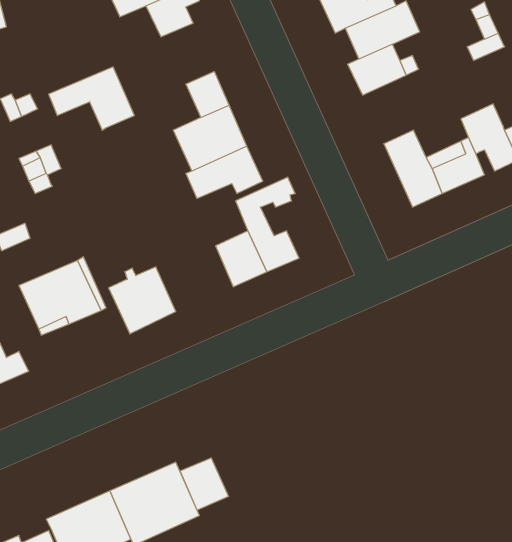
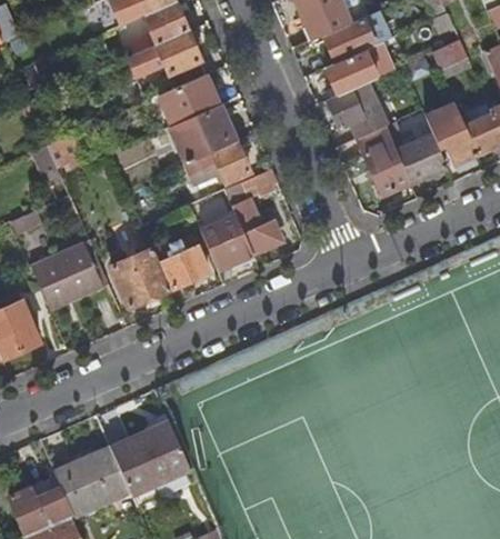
building: [49,67,134,130] -> [128,30,204,87]
building: none -> [326,82,382,138]
building: none -> [160,247,206,288]
building: [180,458,229,510] -> none

